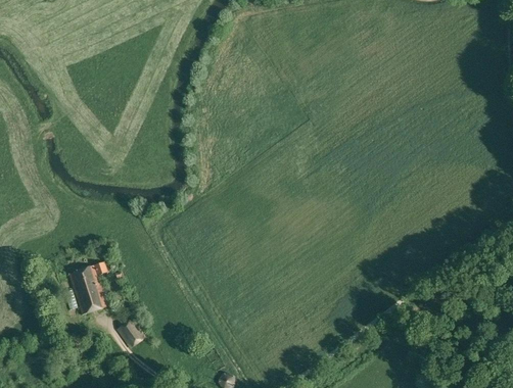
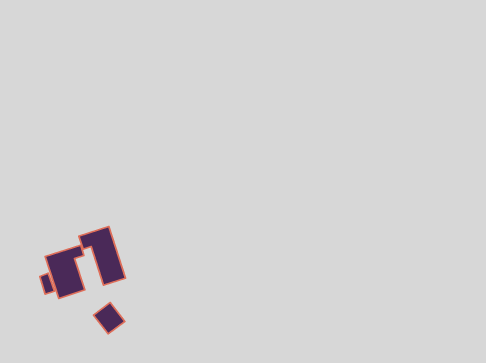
building: none -> [79,227,125,285]

